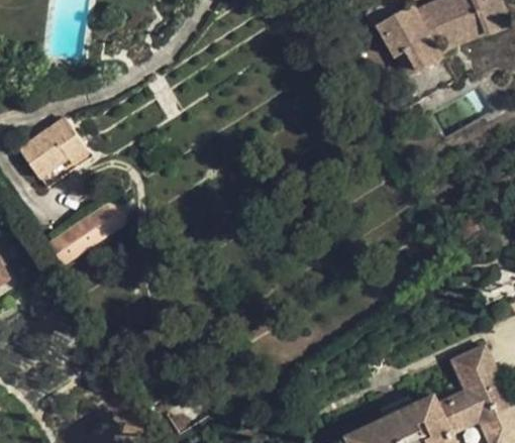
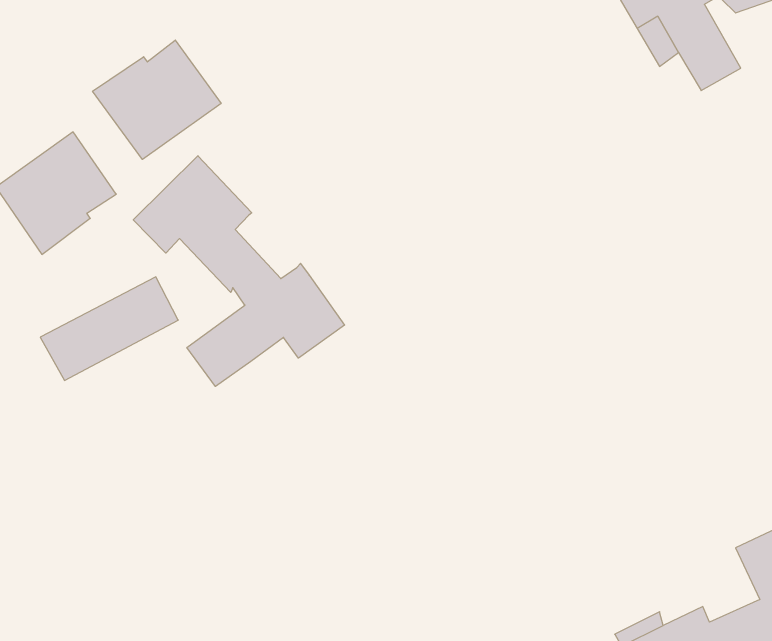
building: none -> [93,40,221,159]
building: none -> [133,156,345,386]

